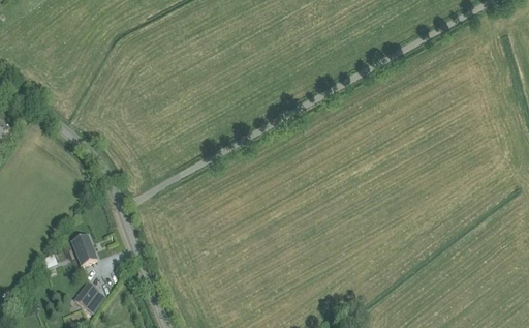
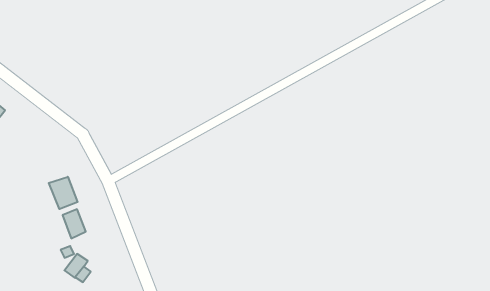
building: none -> [49,177,78,209]

